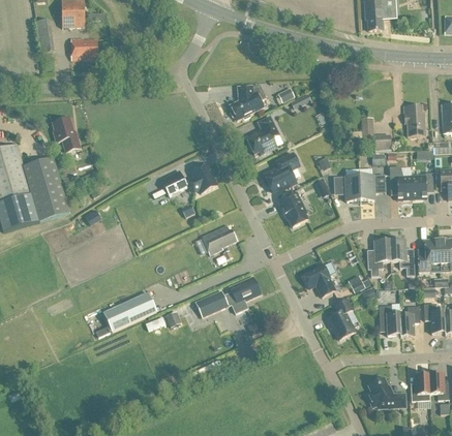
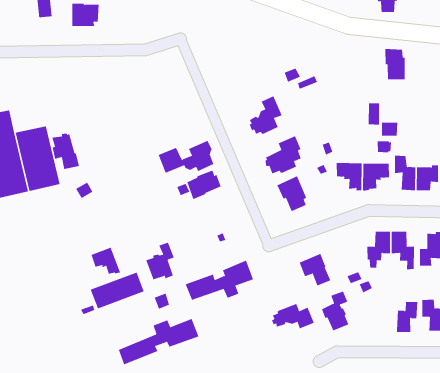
building: [230,84,266,119] -> none
building: [404,104,426,134] -> [385,48,406,80]
building: [52,116,81,151] -> [51,133,80,170]
building: [203,223,237,253] -> [186,170,222,200]
building: none -> [145,242,174,280]
building: none -> [91,247,121,275]
building: [379,304,400,335] -> none
building: none -> [271,303,314,329]
building: none -> [118,318,199,365]

